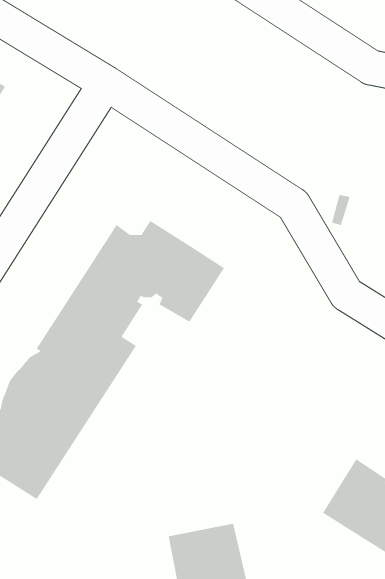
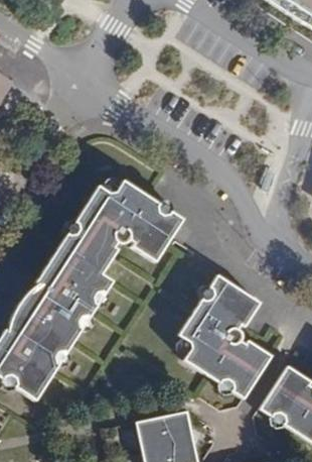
building: none -> [180,276,271,400]

